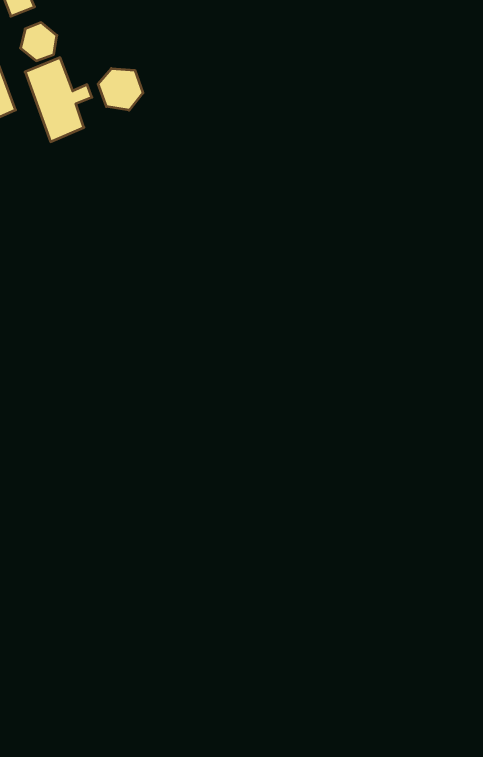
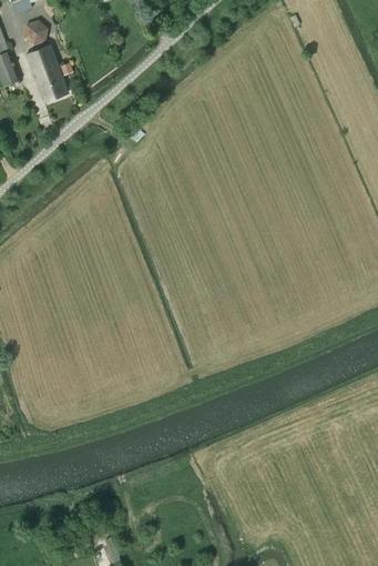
building: [98,68,143,110] -> none

